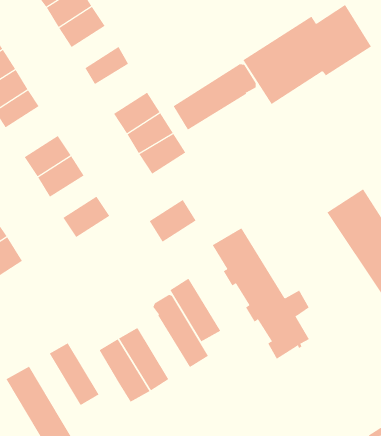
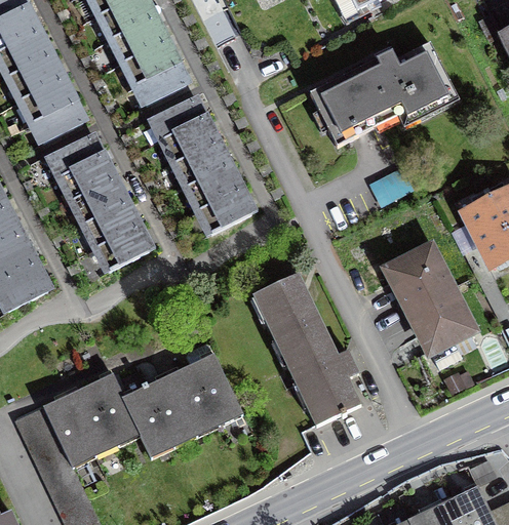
building: none -> [124,40,177,84]
building: [173,64,256,131] -> none
building: none -> [153,97,203,137]
building: none -> [50,135,101,175]
building: none -> [84,202,136,246]
building: [149,199,196,242] -> [199,188,251,233]
building: [170,278,221,342] -> [167,363,220,435]
building: none -> [89,372,140,444]
building: none -> [44,394,95,466]

